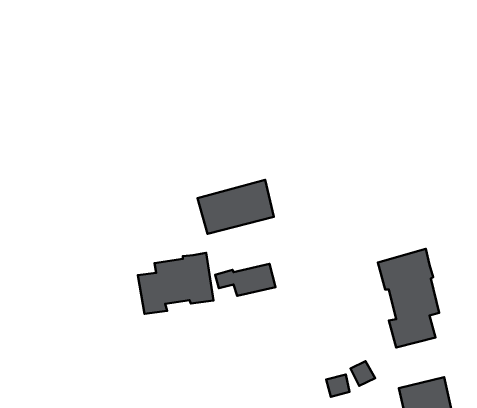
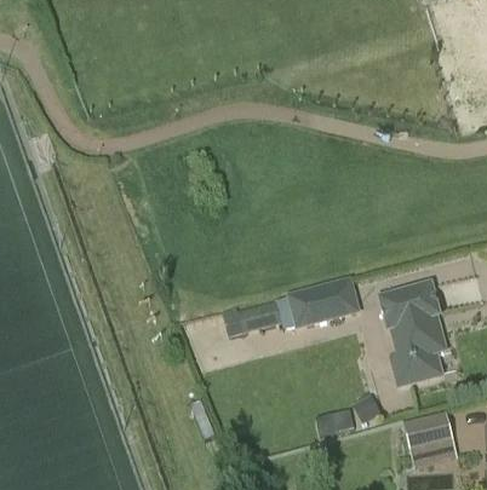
building: [198,180,274,234] -> [285,276,360,329]
building: [138,253,213,314] -> none

